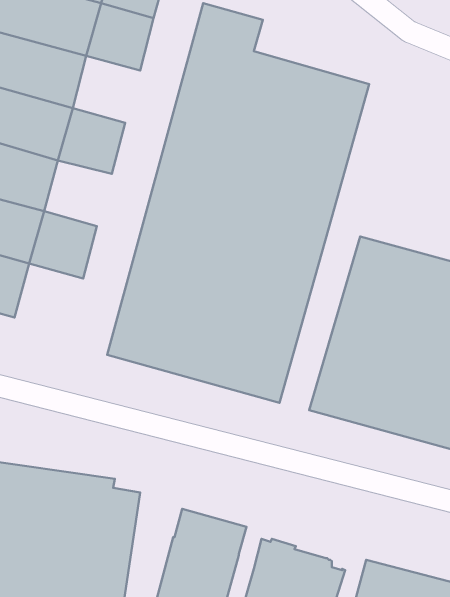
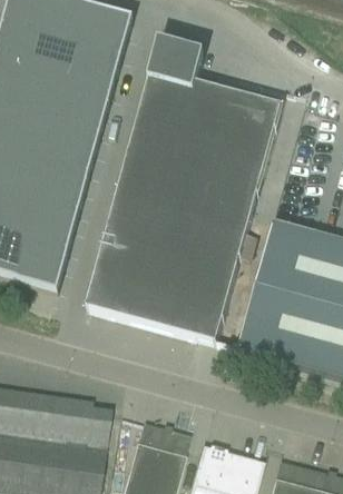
building: none -> [60,83,110,134]
building: none -> [39,161,89,210]
building: none -> [17,238,68,289]

